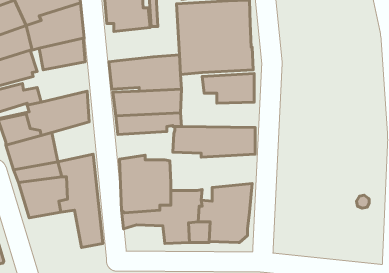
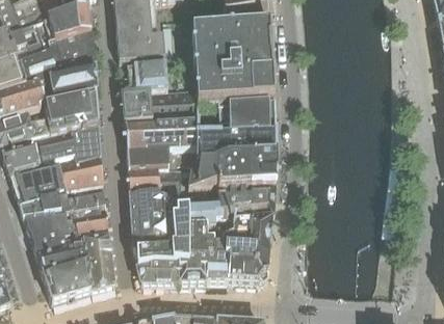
building: none -> [128,62,168,92]
building: none -> [44,96,99,136]
building: none -> [198,105,277,163]
building: none -> [61,157,105,199]
building: none -> [131,166,191,197]
building: none -> [189,189,277,230]
building: none -> [37,250,93,304]
building: none -> [137,266,181,286]

